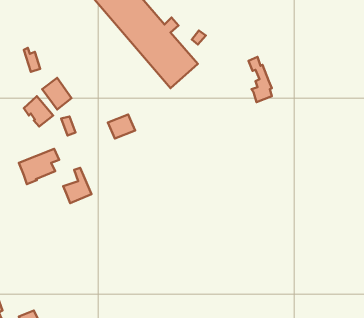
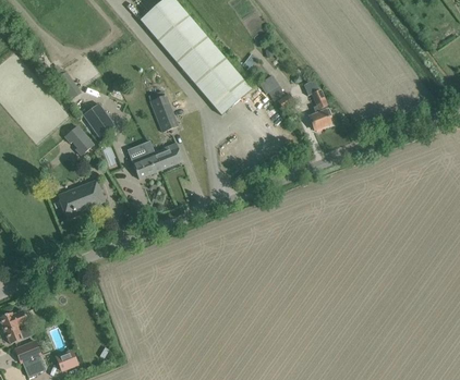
building: none -> [261,75,293,109]
building: none -> [150,95,178,132]
building: [63,168,91,203] -> [131,140,161,179]

